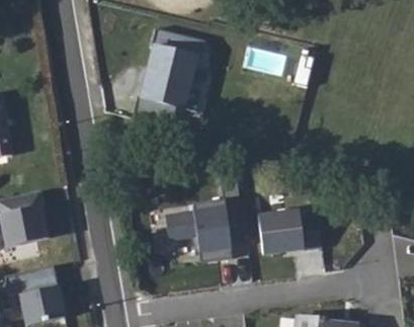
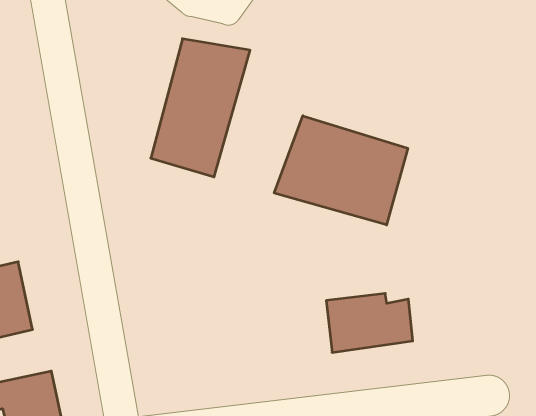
building: none -> [274,116,408,225]
building: [163,201,232,253] -> none

